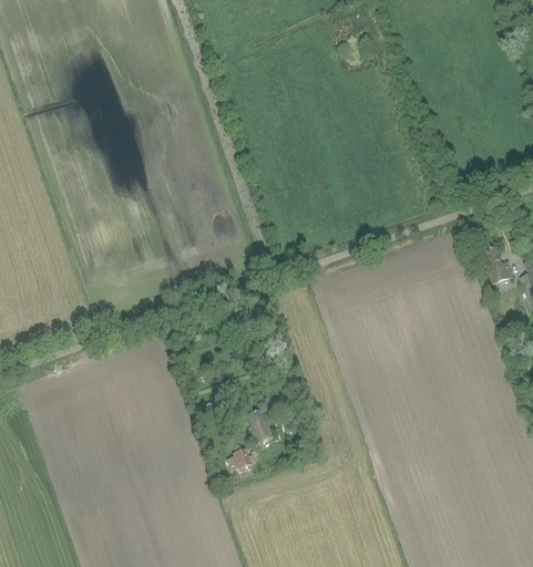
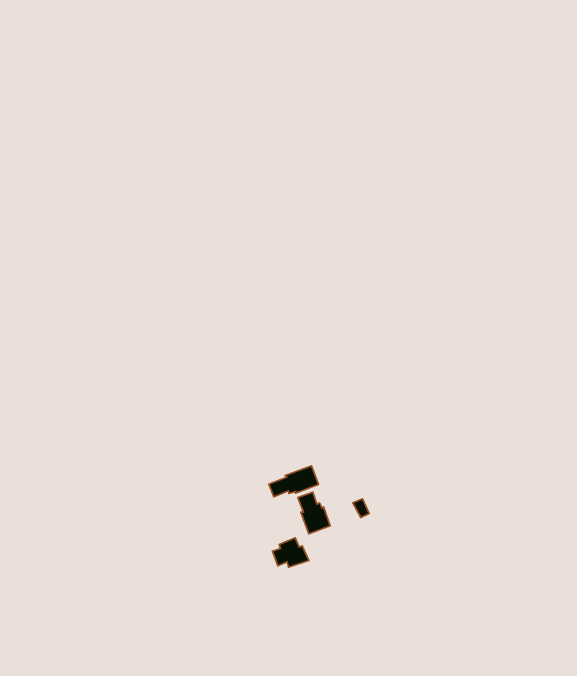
building: none -> [269,466,318,497]

